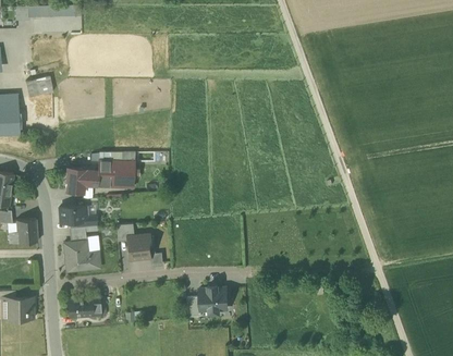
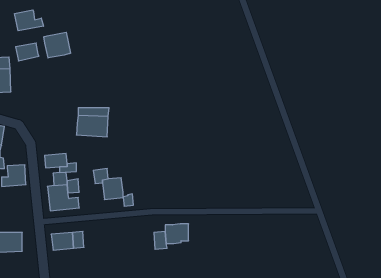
building: none -> [15,10,43,31]
building: none -> [44,32,71,58]
building: [65,169,97,192] -> none

